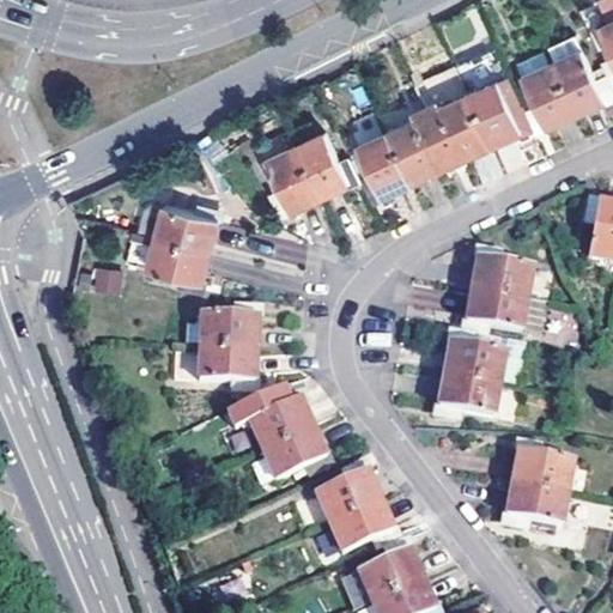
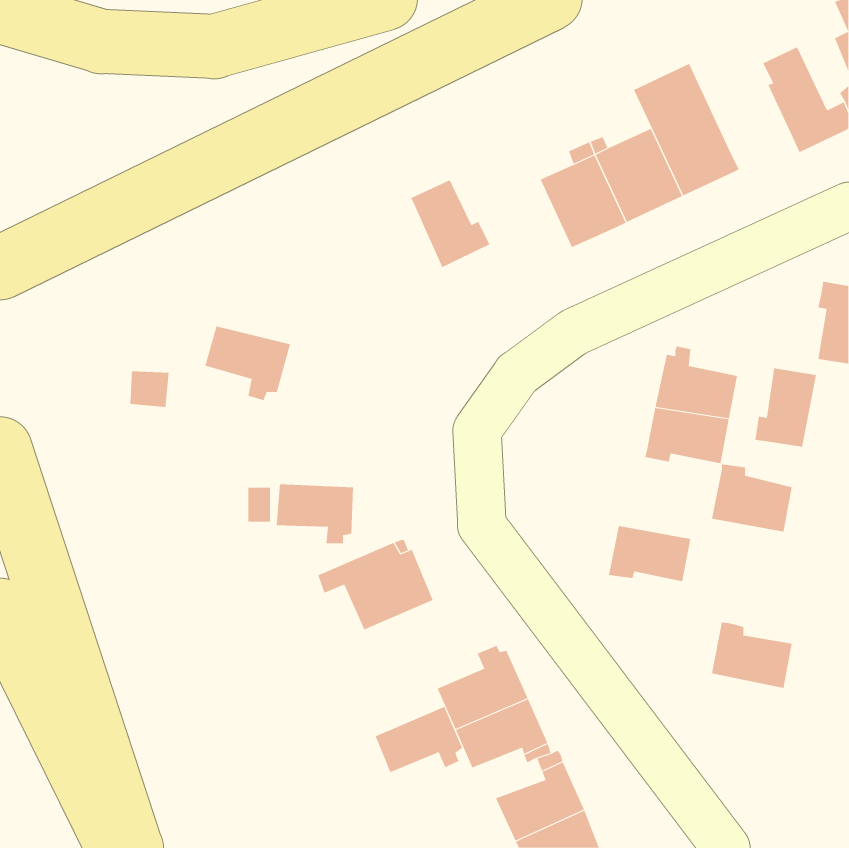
building: [517,48,576,129] -> none
building: [354,113,412,195] -> none
building: [267,142,318,211] -> none
building: [156,201,218,248] -> none
building: none -> [755,368,816,448]
building: [201,305,257,351] -> none
building: [445,339,504,388] -> [711,464,793,532]
building: [262,432,326,480] -> [375,706,463,773]
building: [505,485,565,526] -> none

